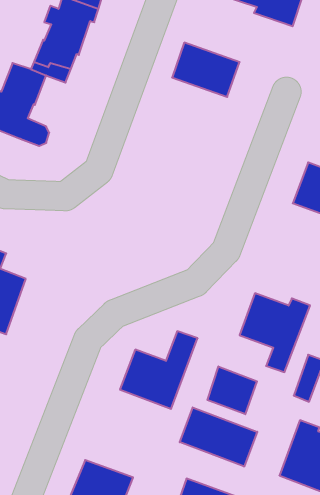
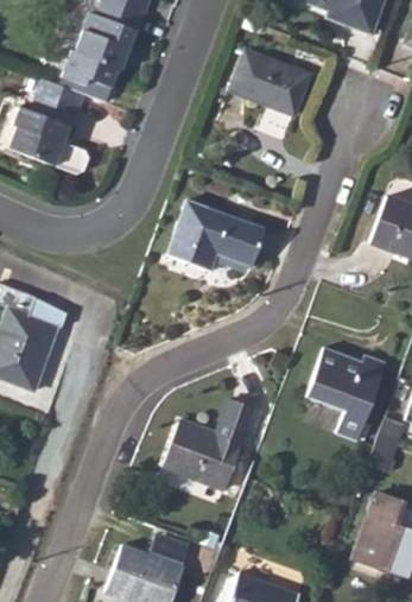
building: none -> [167,201,265,270]
building: [207,366,257,414] -> none
building: [180,407,257,467] -> none

